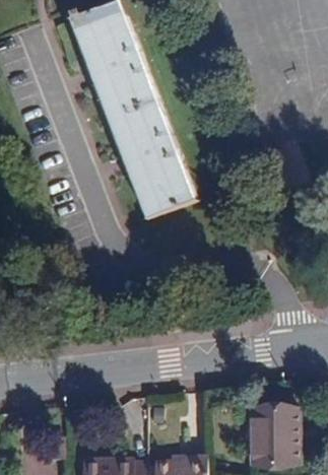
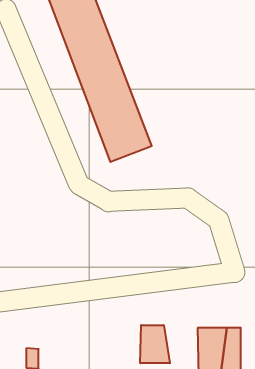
building: none -> [140,325,170,363]

